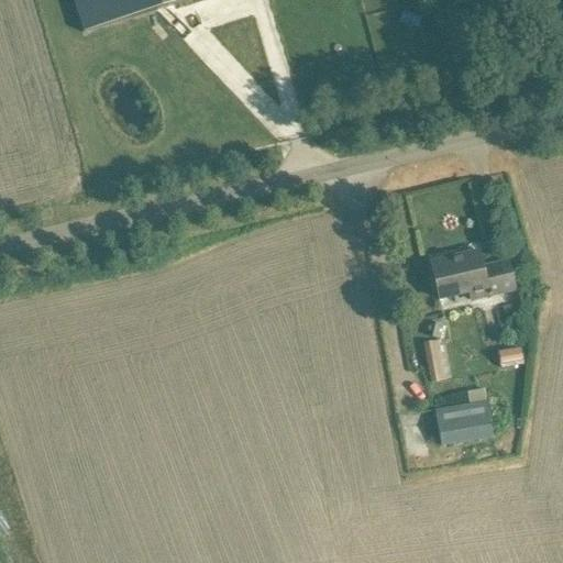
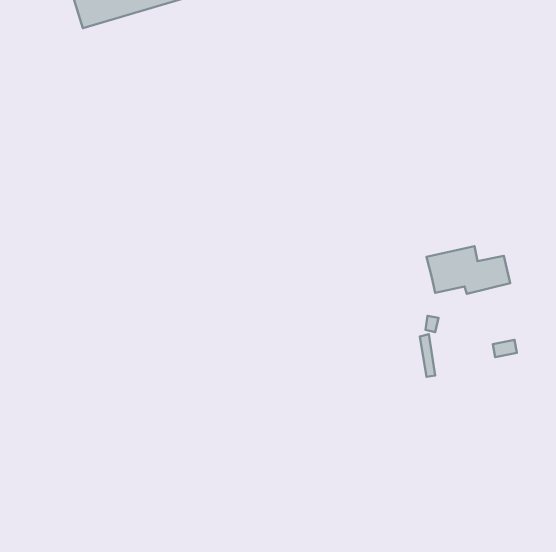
building: [437,399,494,442] -> none

